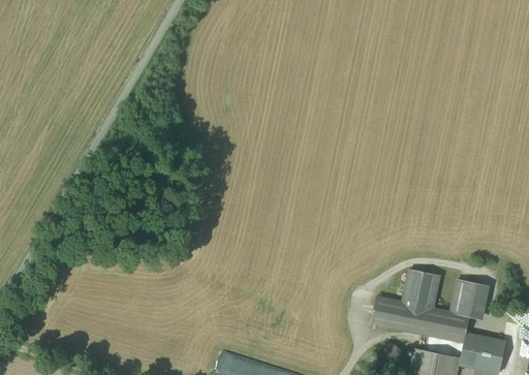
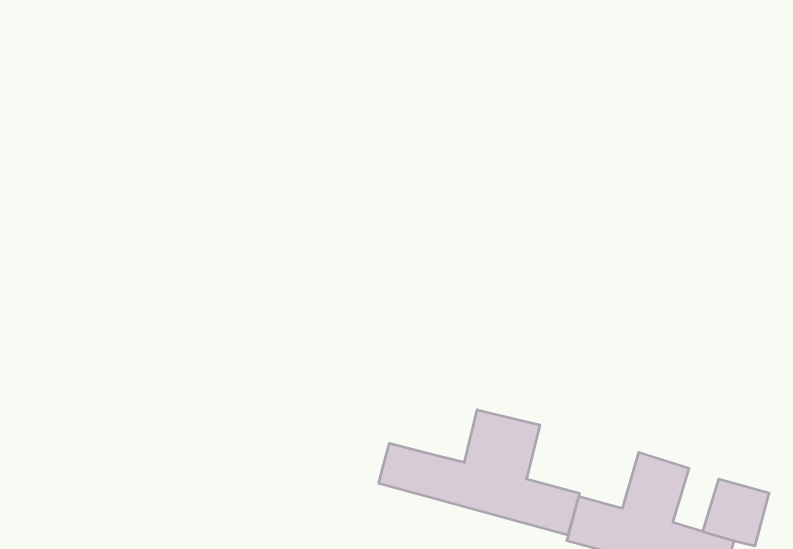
building: none -> [379,410,579,535]

